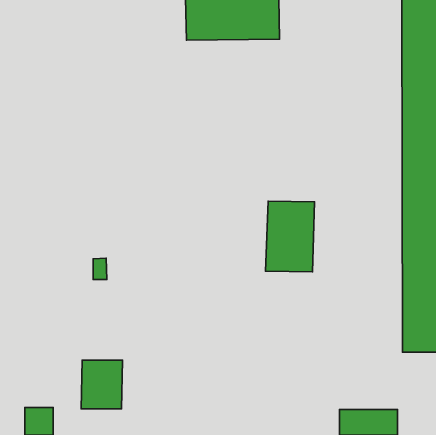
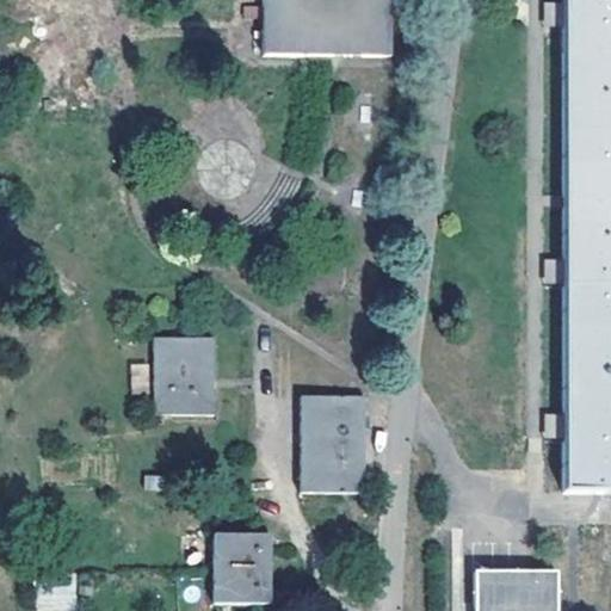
building: [266,201,314,272] -> [300,394,368,493]
building: none -> [156,335,217,413]
building: [81,360,122,409] -> [214,533,271,601]

